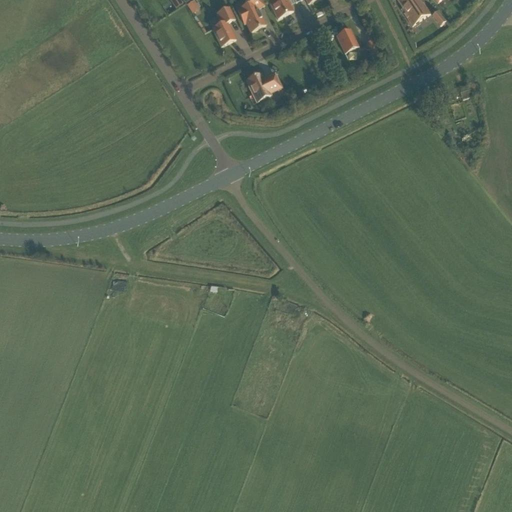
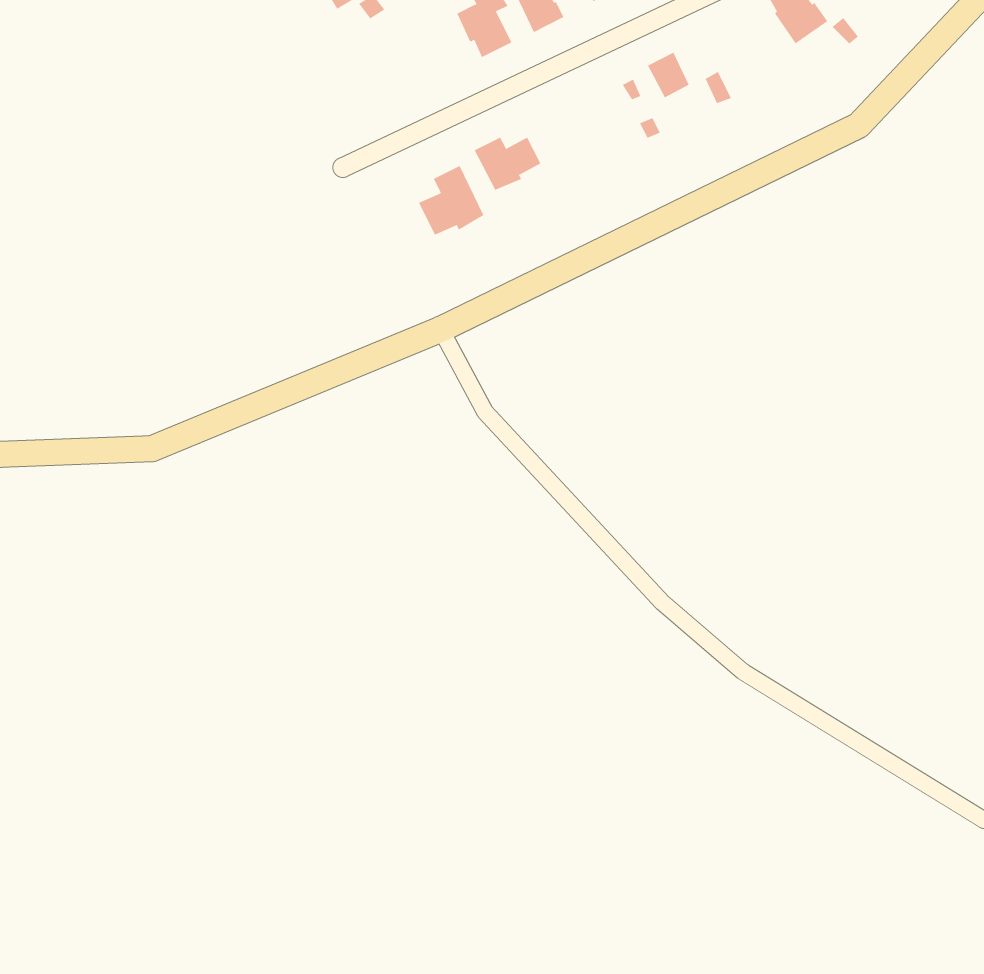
building: [212,5,236,44] -> none
building: none -> [418,165,484,236]

